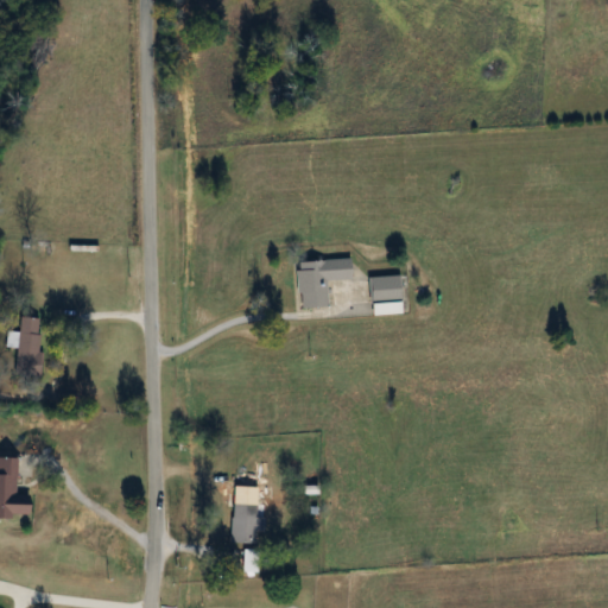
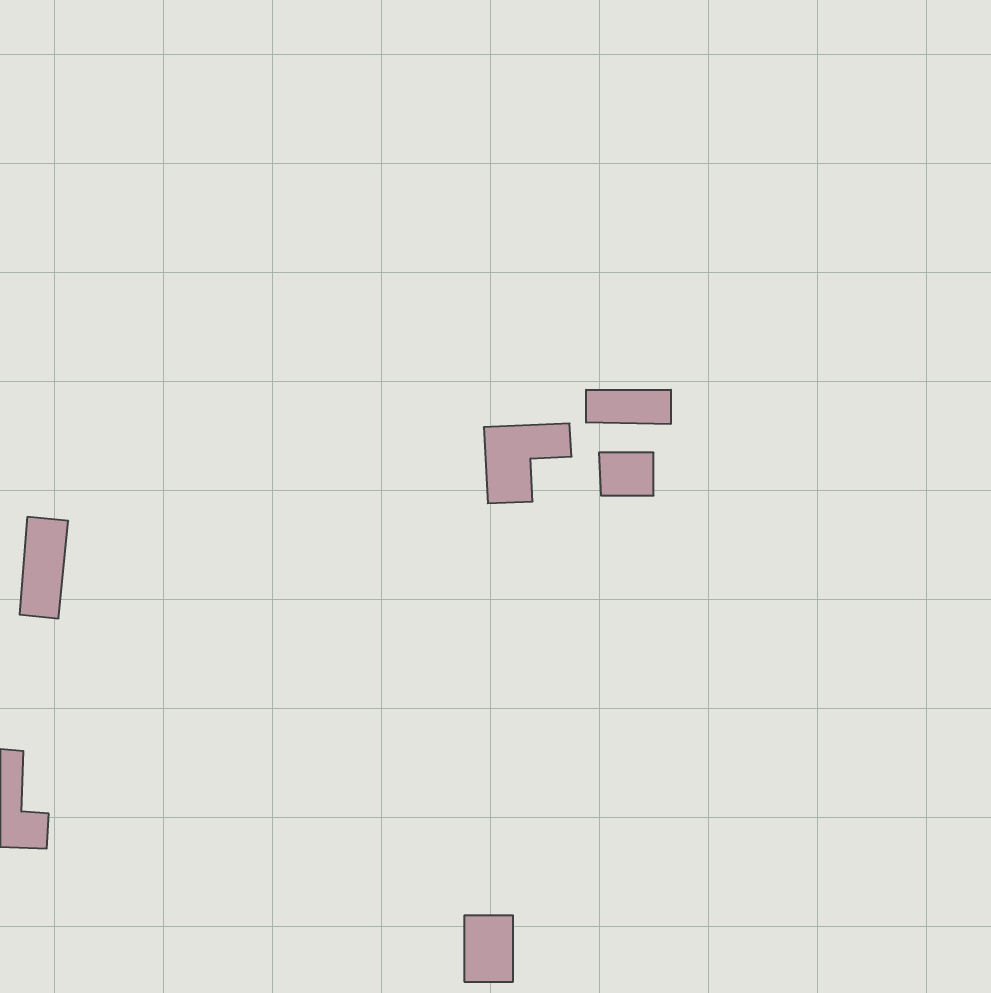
building: none -> [586,390,671,424]
building: [233,502,262,543] -> [464,915,513,982]

